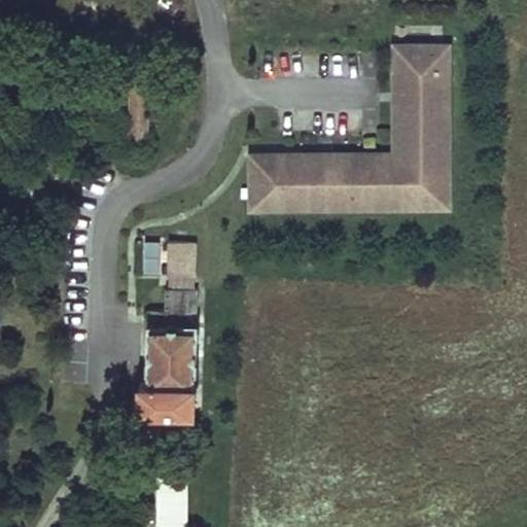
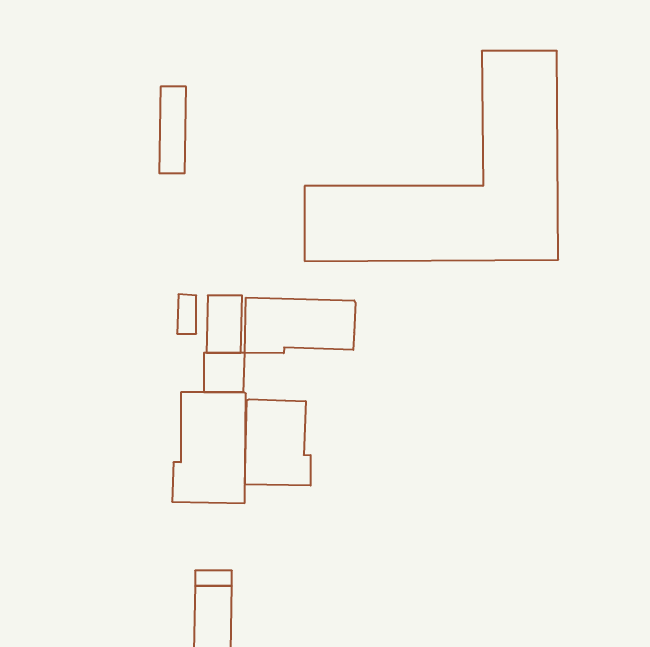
building: none -> [245,298,355,353]
building: none -> [245,399,311,486]

